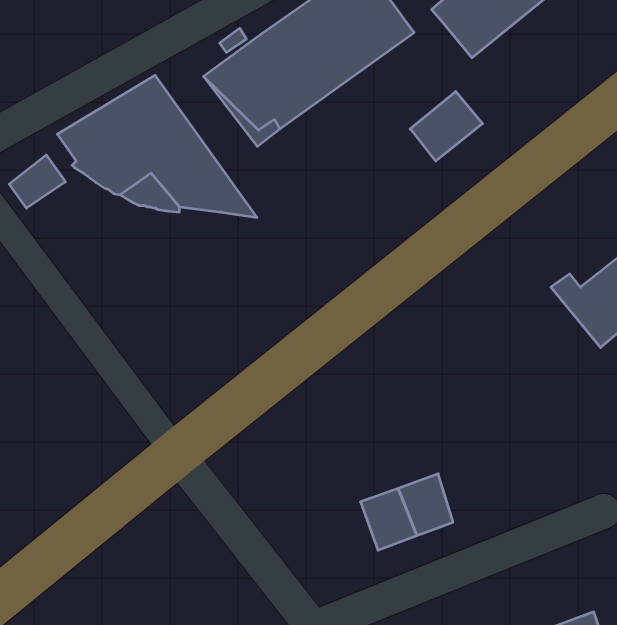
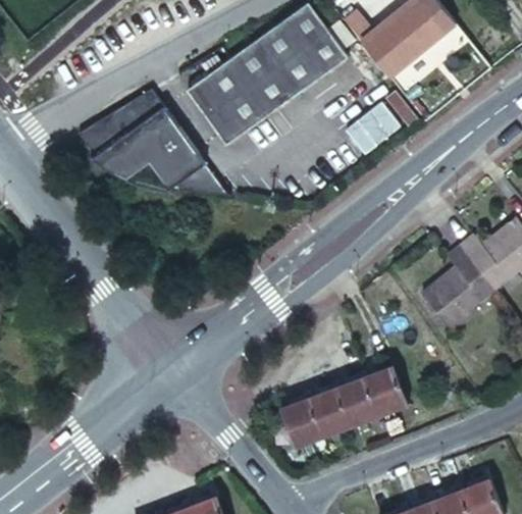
building: [9,155,65,208] -> none
building: none -> [414,248,490,337]
building: none -> [367,380,405,426]
building: none -> [282,411,321,457]

